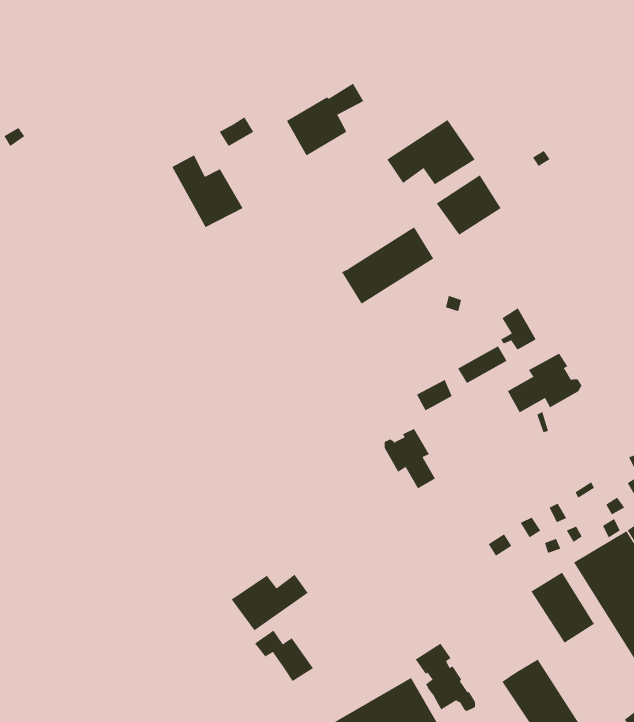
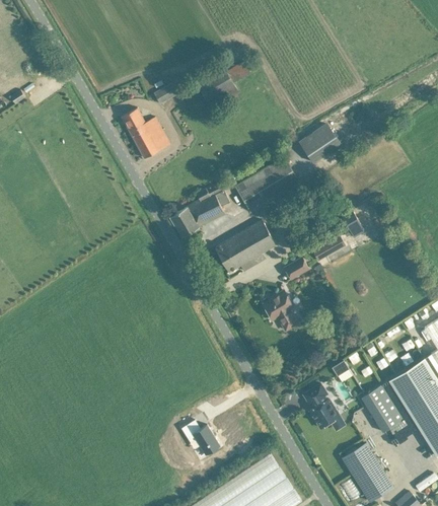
building: [387,119,475,185] -> none
building: none -> [170,176,237,238]
building: none -> [216,221,276,273]
building: [507,353,582,413] -> none
building: [231,574,308,631] -> none
building: [415,643,476,712] -> [303,384,344,430]

